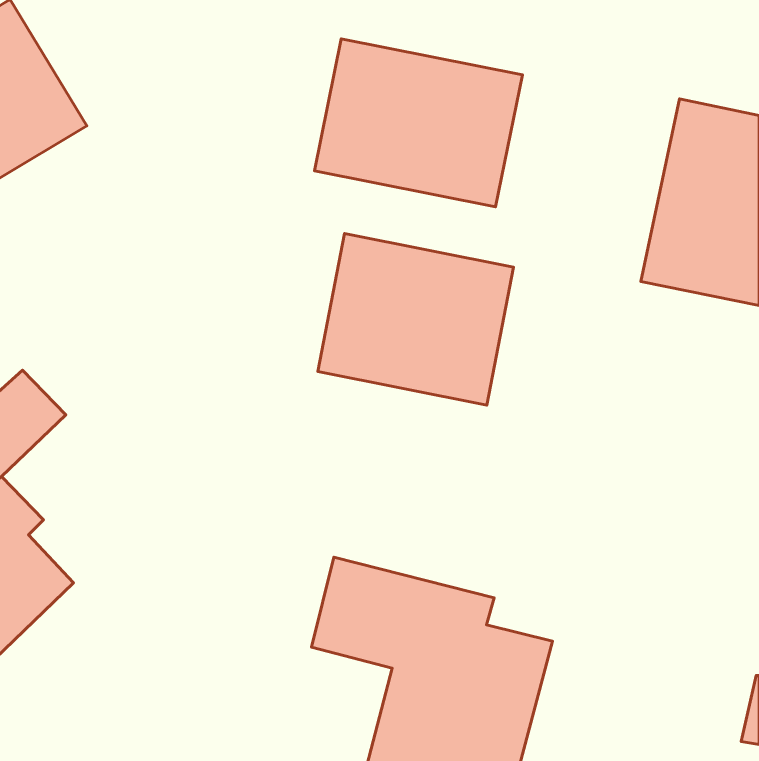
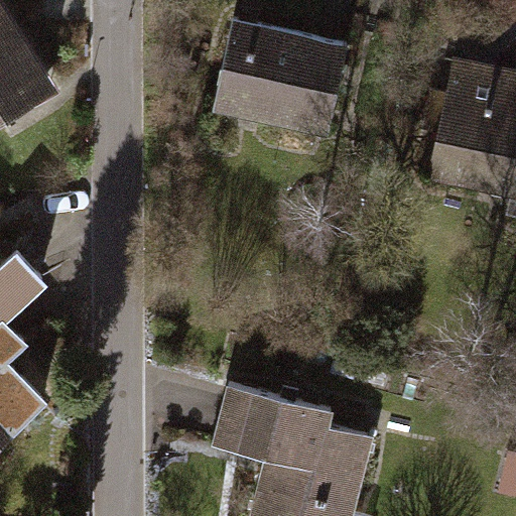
building: [318,234,514,405] -> none

